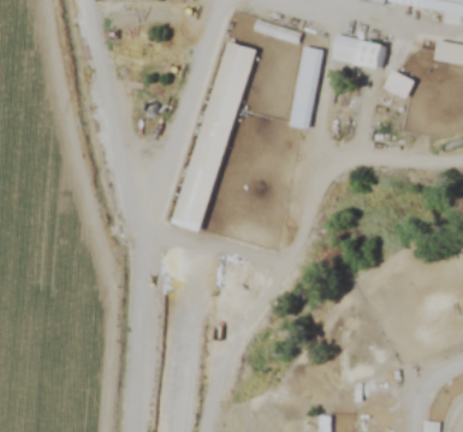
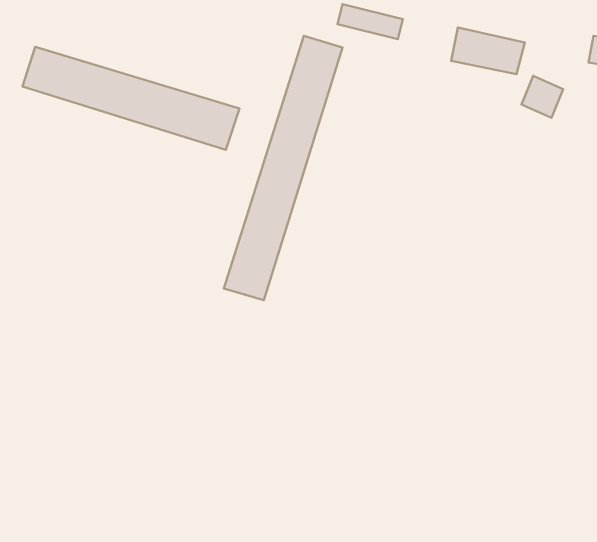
building: [289,47,321,128] -> none
building: none -> [23,47,239,150]

